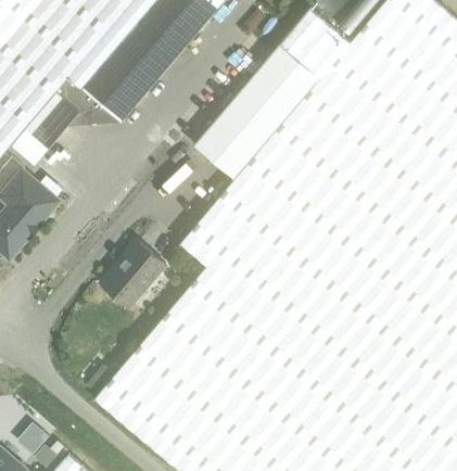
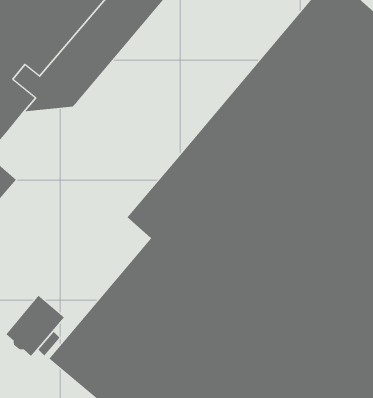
building: [194,8,350,178] -> none
building: [101,239,166,307] -> [6,295,65,357]

